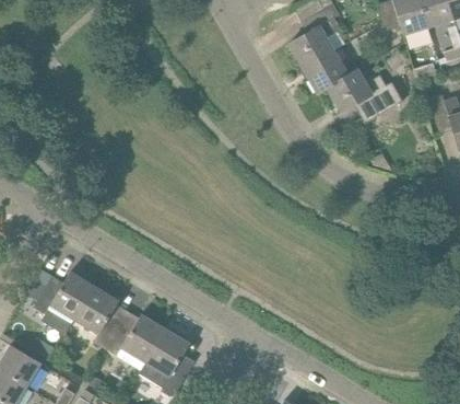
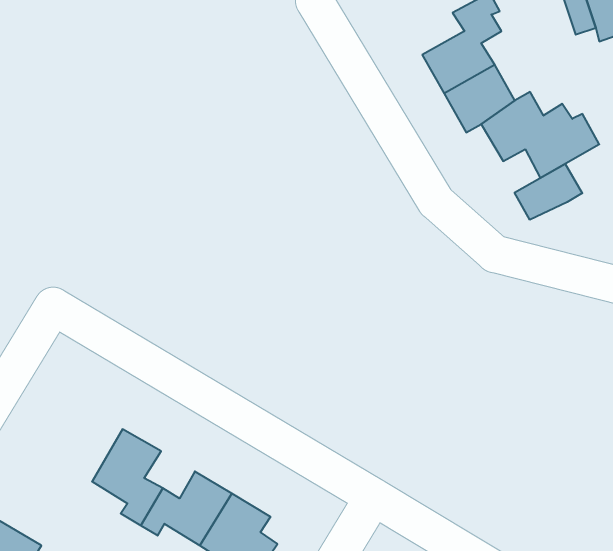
building: none -> [515,164,582,220]
building: [34,272,94,321] -> none

